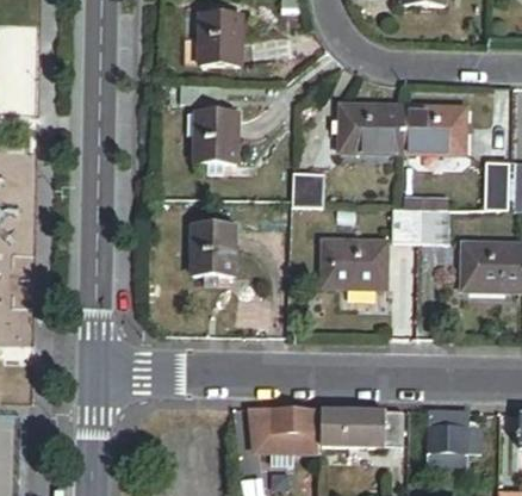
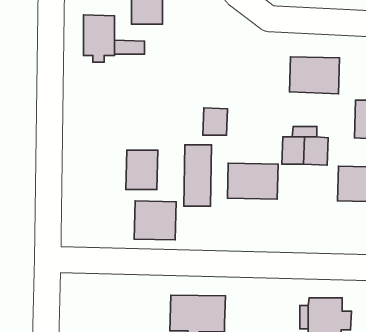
building: [341,106,403,151] -> none
building: [198,113,237,173] -> [83,15,114,62]
building: none -> [184,145,212,206]
building: none -> [134,201,176,240]
building: [319,410,402,446] -> none

